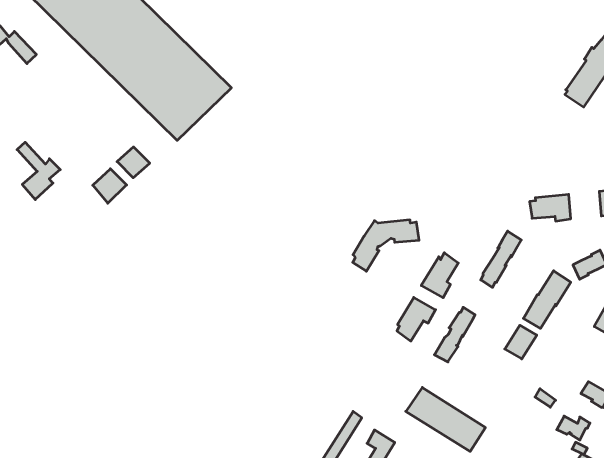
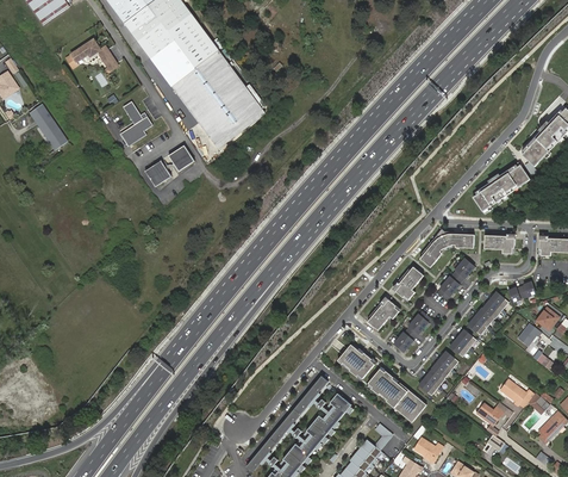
building: none -> [474,165,531,212]
building: [17,142,60,200] -> [123,100,154,145]
building: [353,220,419,271] -> [418,228,472,266]
building: none -> [416,351,455,395]
building: none -> [335,341,373,379]

